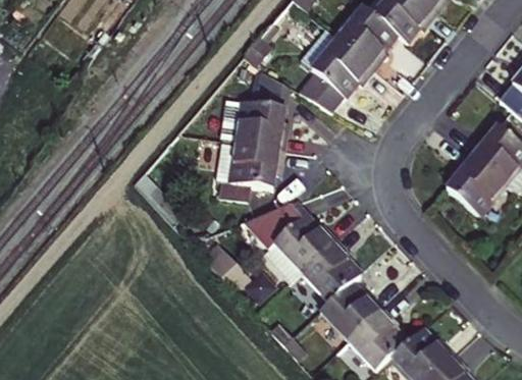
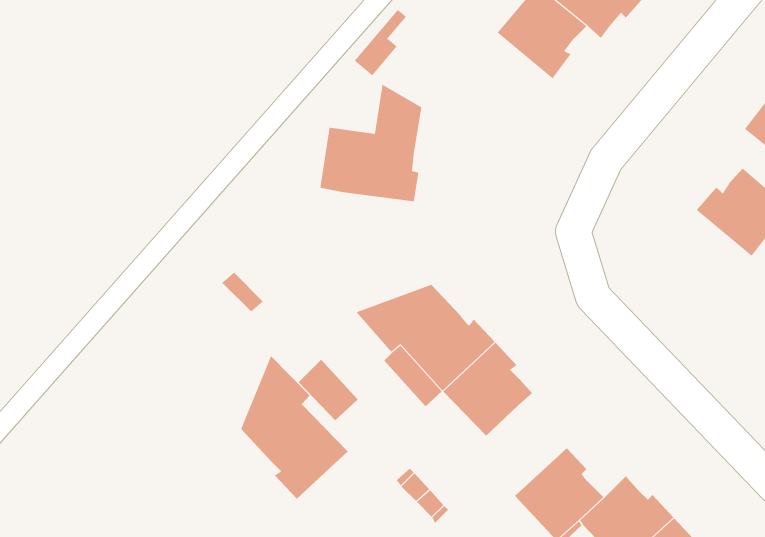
building: [299,29,374,112] -> none
building: [216,143,283,201] -> none
building: [447,154,505,216] -> none
building: none -> [240,355,349,500]
building: [320,282,383,341] -> none

